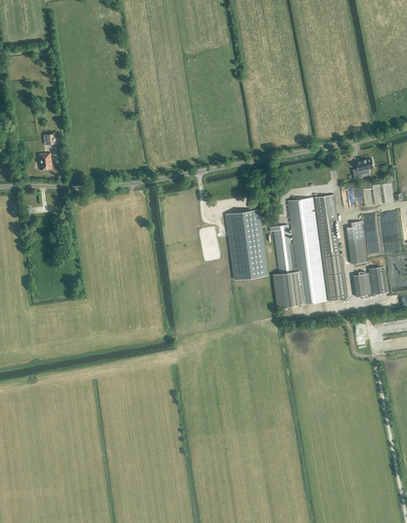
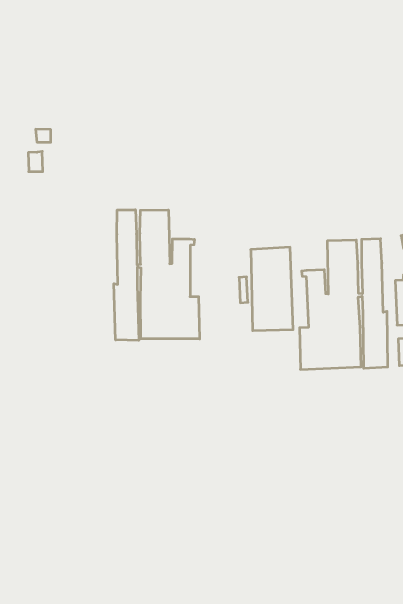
building: none -> [114,210,200,340]

